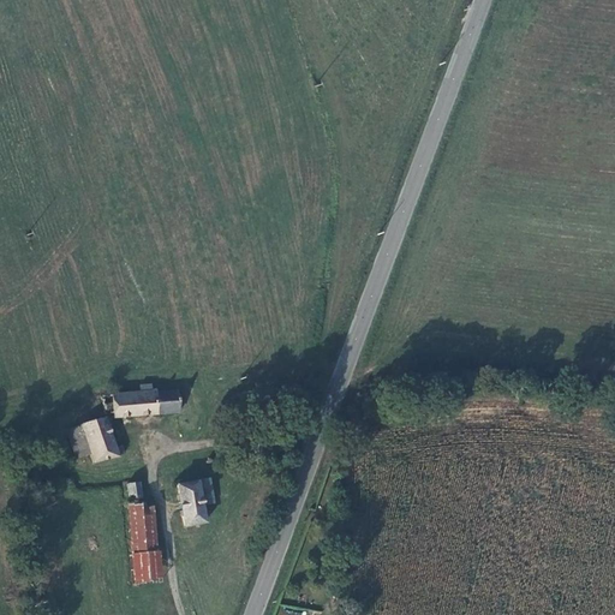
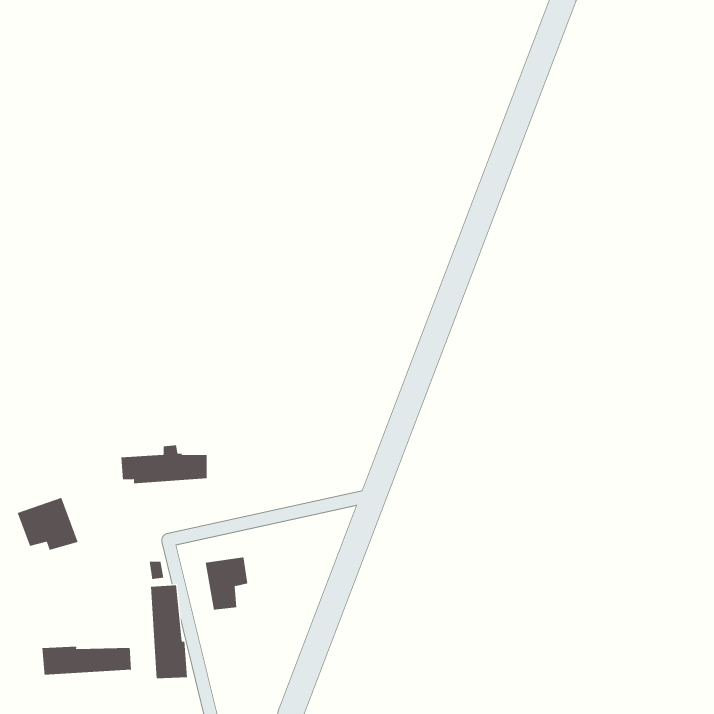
building: [68,414,121,460] -> [17,497,79,551]
building: none -> [42,646,132,676]

